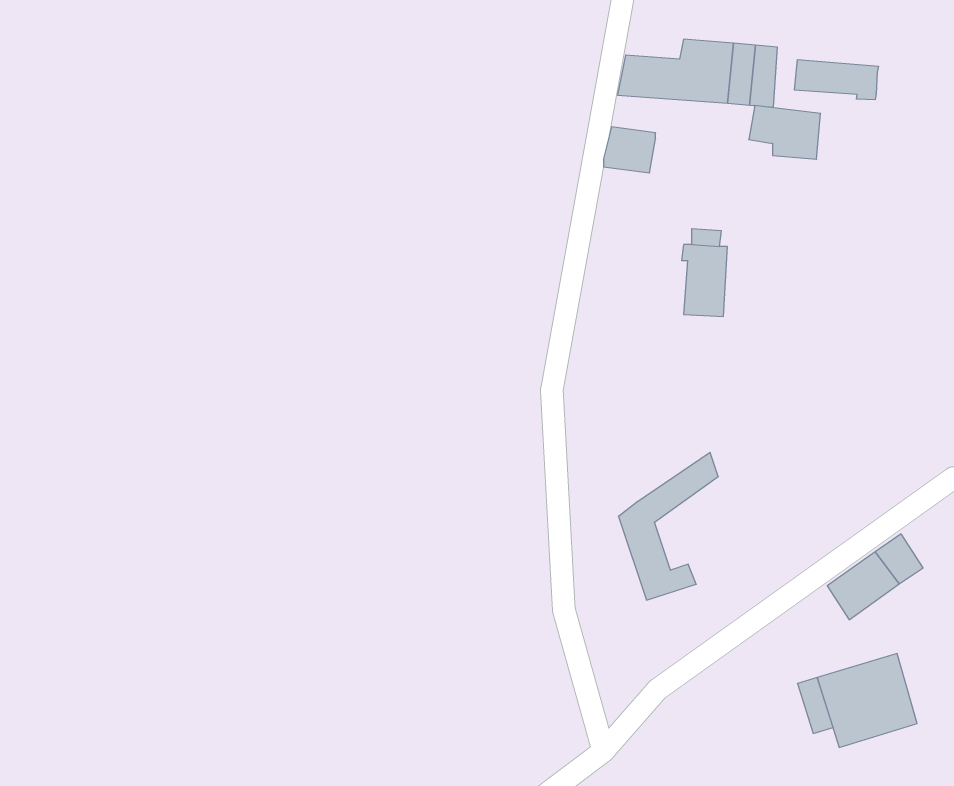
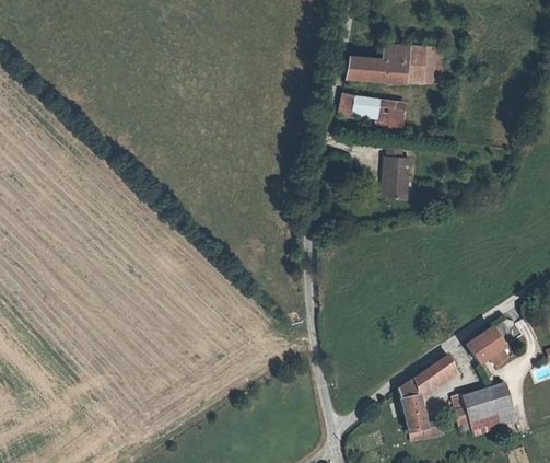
building: [795,60,878,100] -> none
building: [749,105,821,159] -> [367,102,407,131]
building: [618,453,718,600] -> [397,357,452,438]

